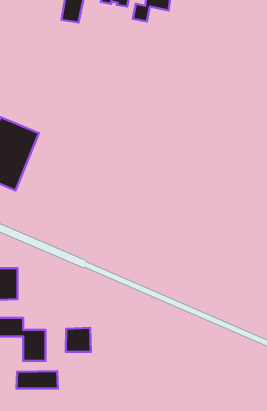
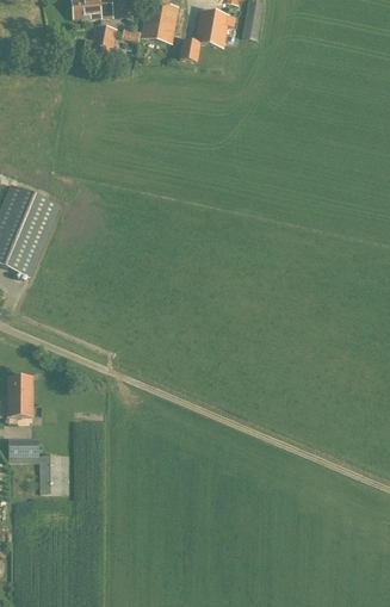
building: [66,328,91,352] -> none
building: [17,371,58,388] -> none

